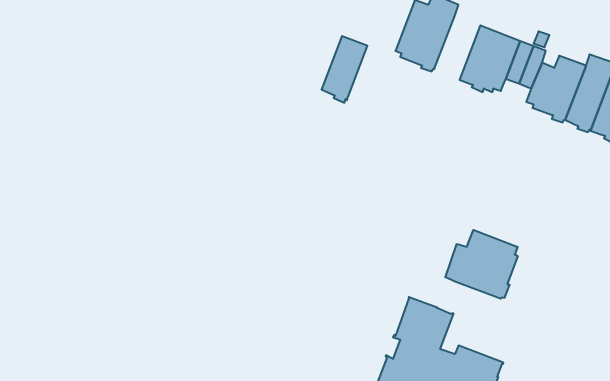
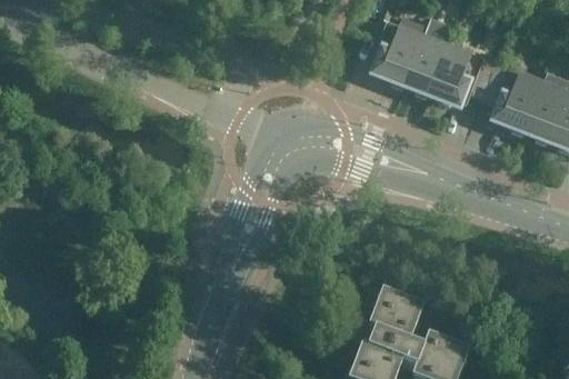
building: [321,36,367,103] -> [405,34,447,96]
building: [445,230,518,299] -> none

